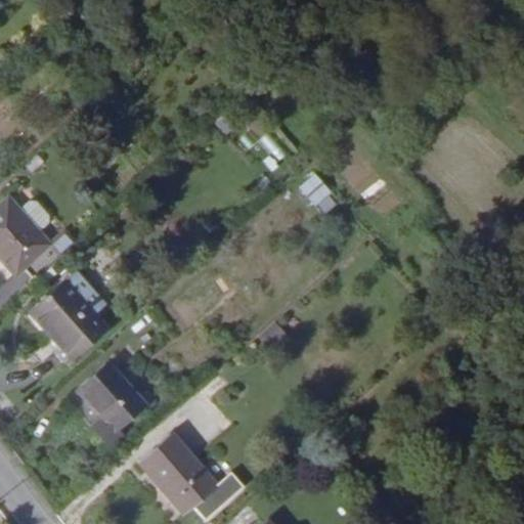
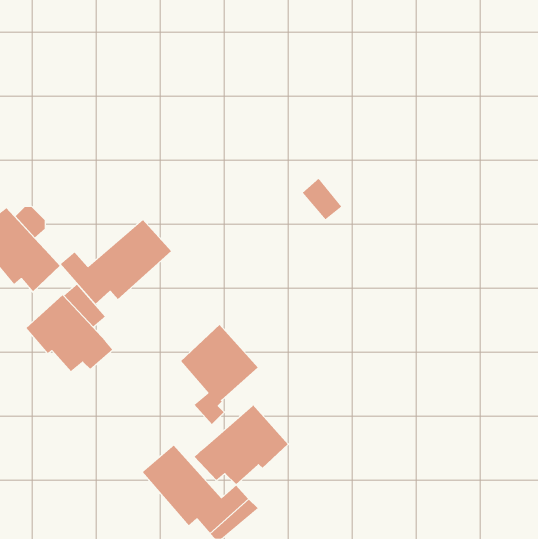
building: none -> [60,219,172,305]
building: [69,362,144,460] -> [180,324,259,425]
building: none -> [194,405,289,485]

